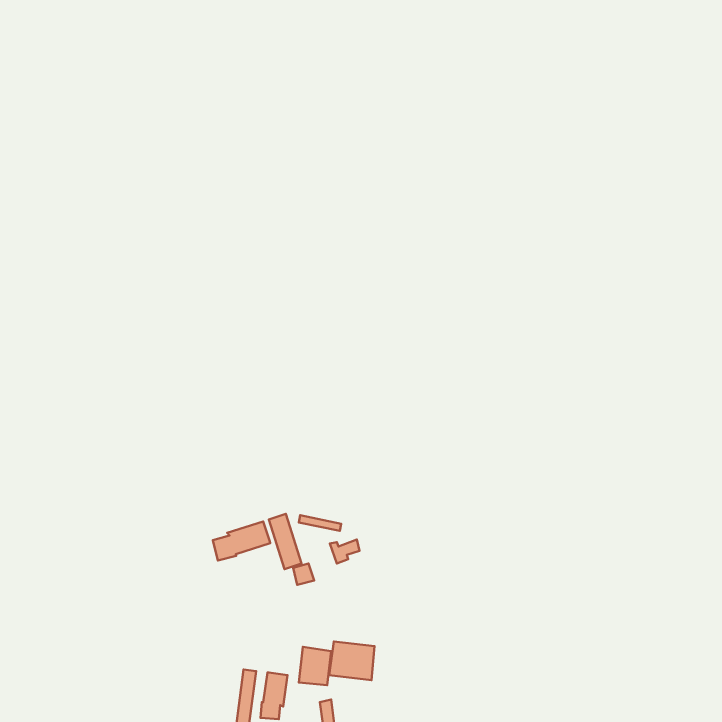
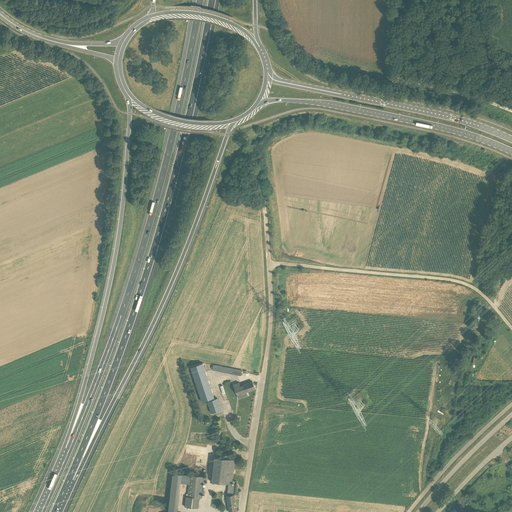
building: [213,521,270,561] -> none
building: [329,642,374,680] -> none

